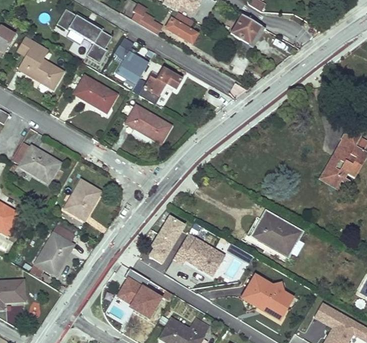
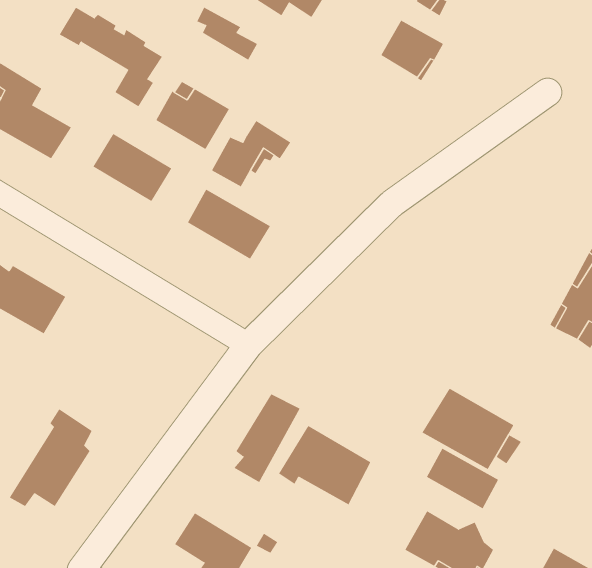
building: [166,12,197,42] -> none
building: [63,180,100,220] -> none
building: none -> [426,448,499,509]

